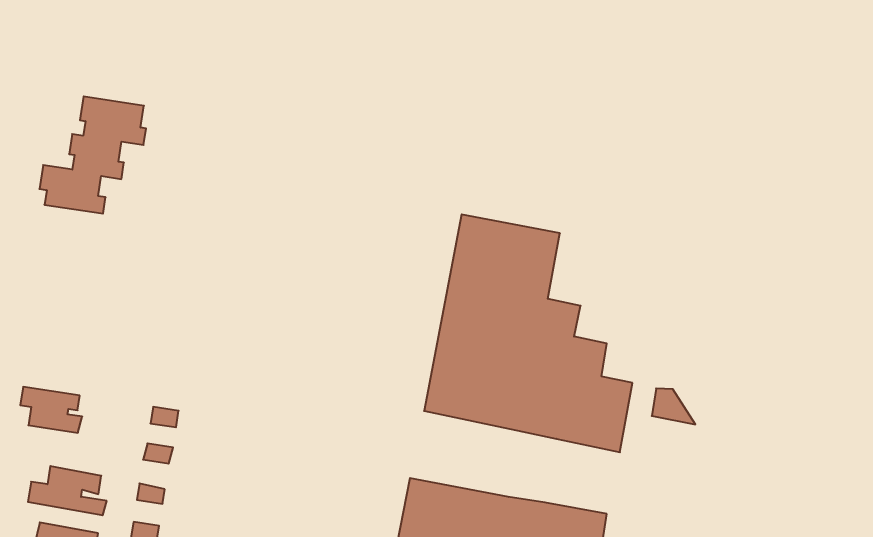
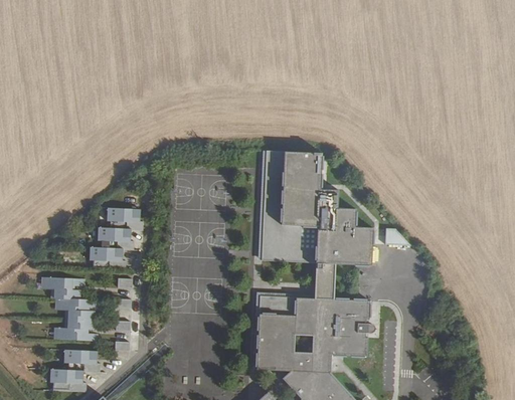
building: [39,96,146,214] -> [87,208,139,269]
building: none -> [57,298,94,320]
building: none -> [314,261,335,297]

